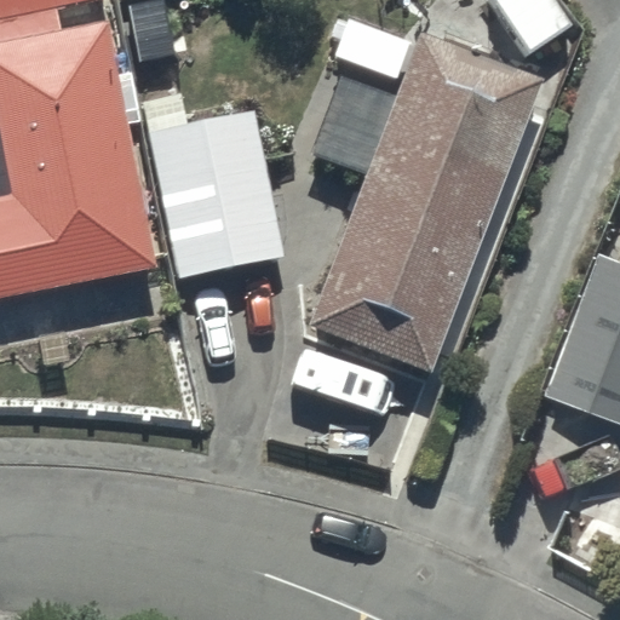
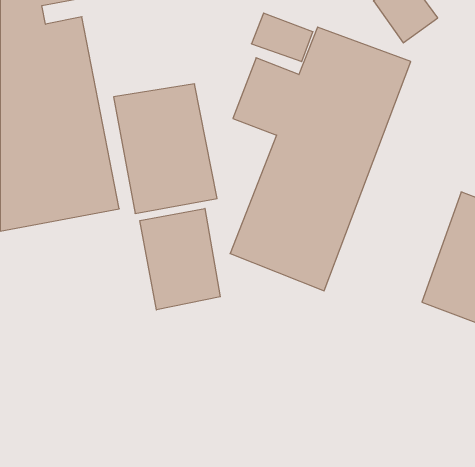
building: none -> [140,208,220,310]

